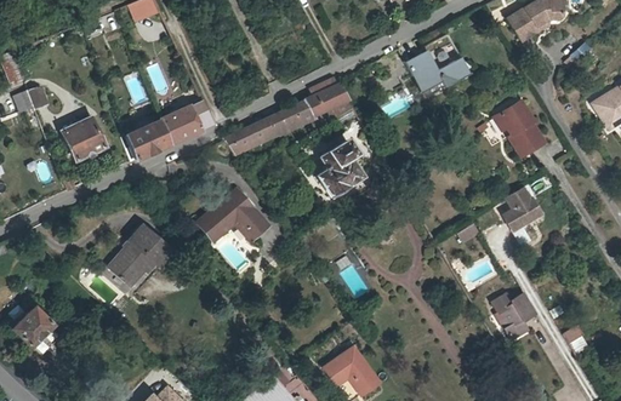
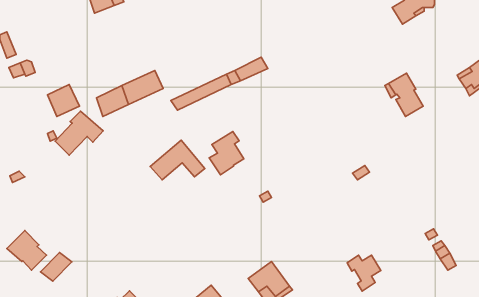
building: [404,51,469,88] -> none
building: [315,141,360,196] -> [209,131,244,175]
building: [503,189,541,229] -> none
building: [110,228,172,285] -> [55,111,103,155]
building: [492,293,536,339] -> [347,255,381,291]
building: none -> [40,253,72,281]

